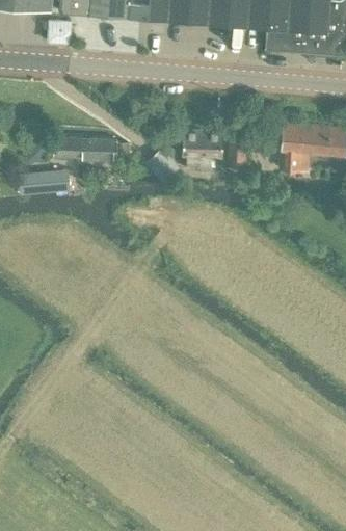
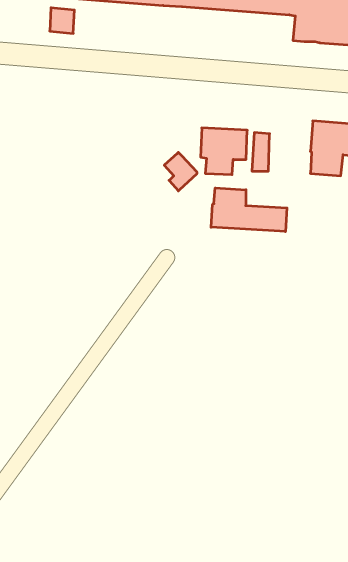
building: [53,138,130,162] -> none
building: [21,167,69,191] -> none
building: none -> [211,188,287,232]

